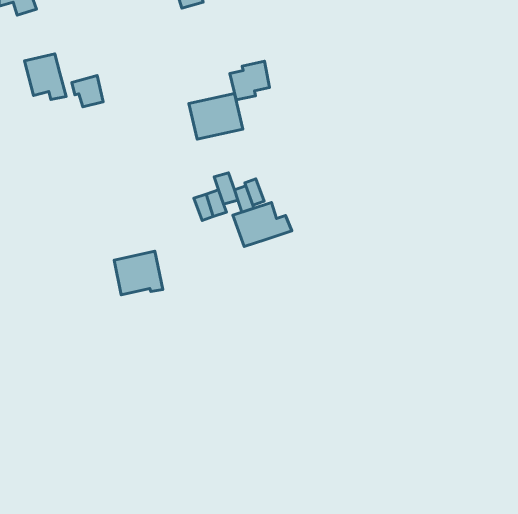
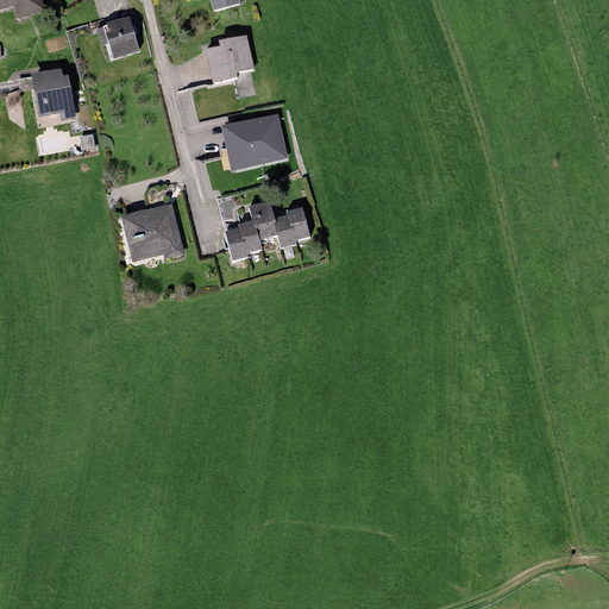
building: [230,61,270,100] -> [206,37,252,82]
building: [72,75,103,107] -> [99,19,136,56]
building: [233,203,292,247] -> none
building: [114,251,163,295] -> [124,206,181,257]

